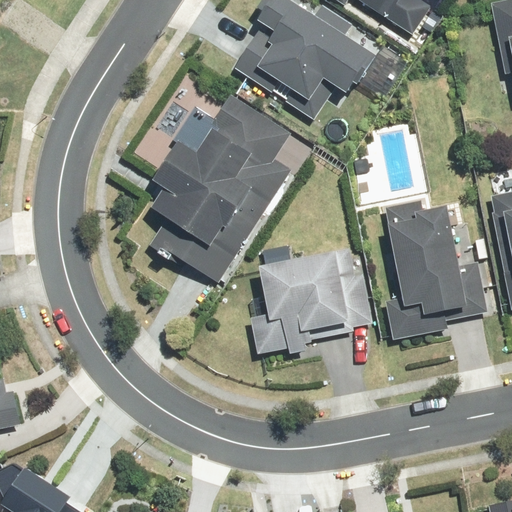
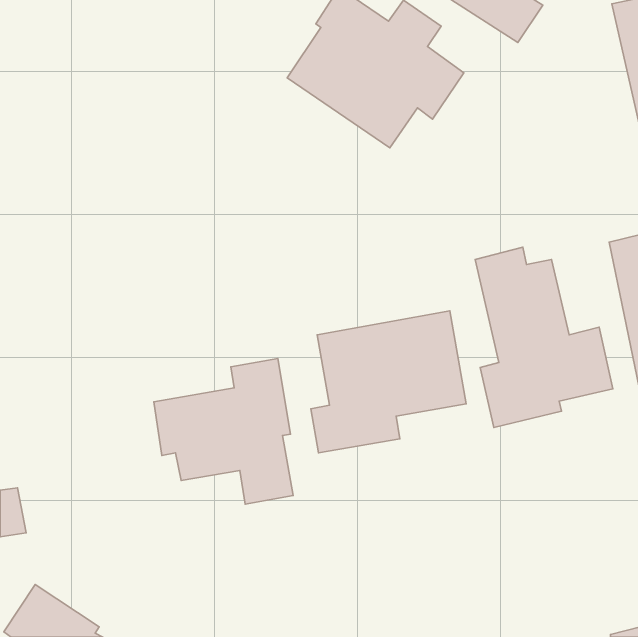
building: [146,90,298,285] -> none
building: none -> [154,359,293,504]

